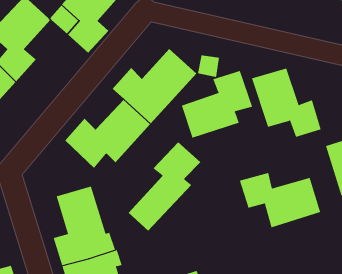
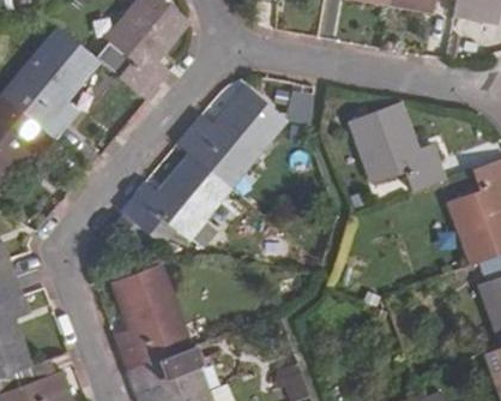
building: [181,70,253,139] -> none
building: [128,142,201,232] -> none
building: [239,172,321,228] -> none

